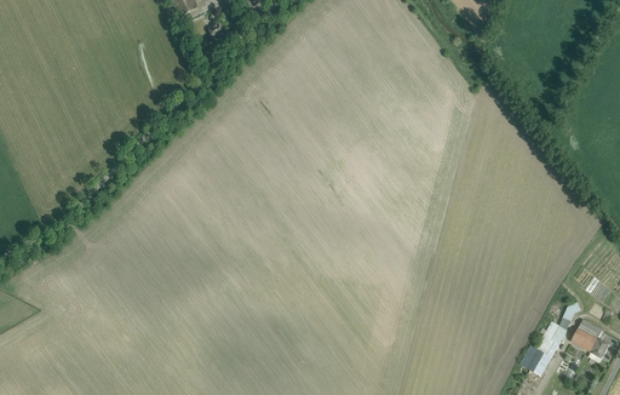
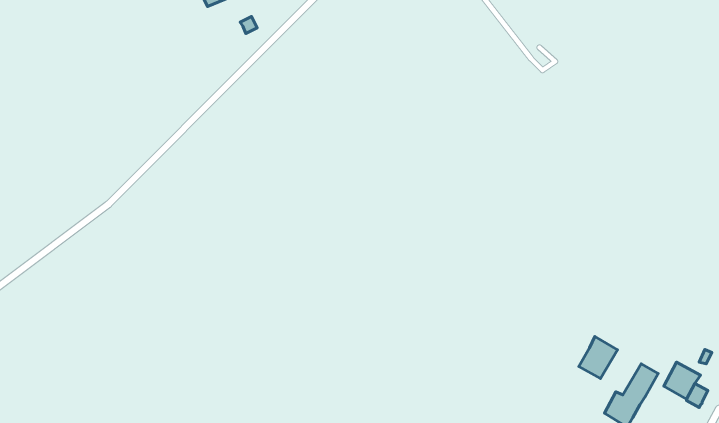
building: none -> [579,337,617,378]

